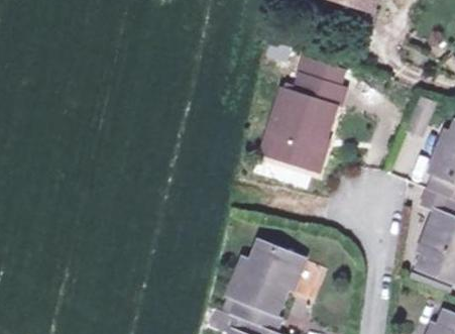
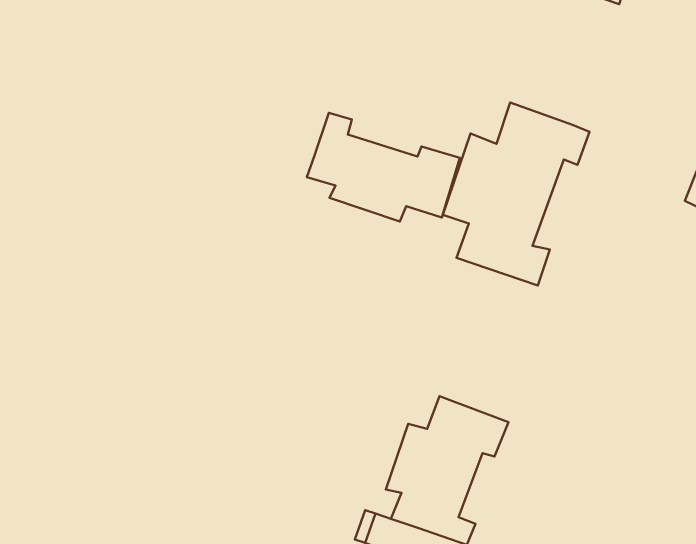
building: [298,51,348,85] -> none
building: none -> [307,113,460,222]

